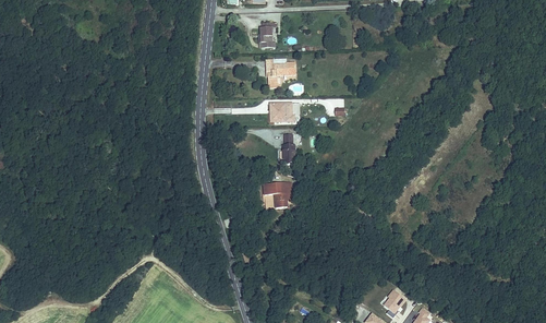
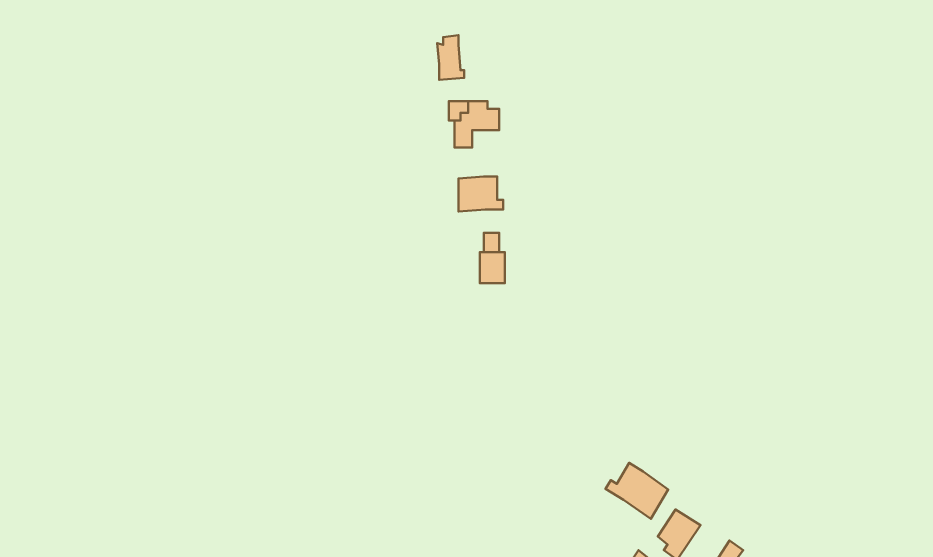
building: [263,182,293,208] -> none
building: none -> [606,463,668,519]

